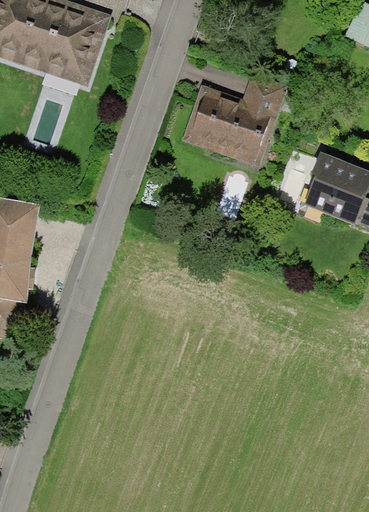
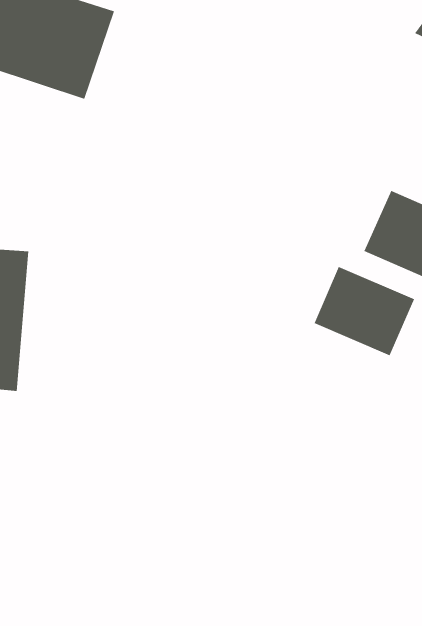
building: [183,73,281,163] -> none
building: none -> [314,266,415,356]

